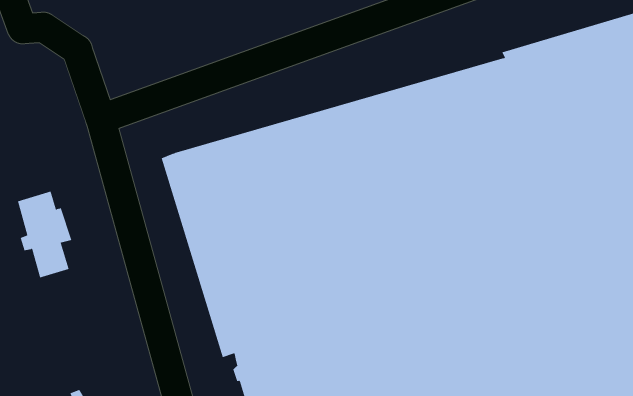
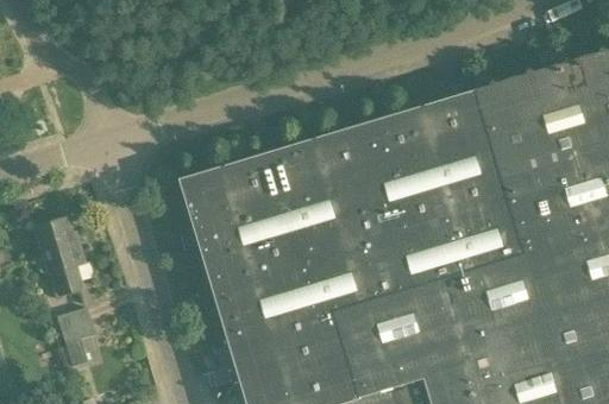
building: none -> [58,304,98,364]

